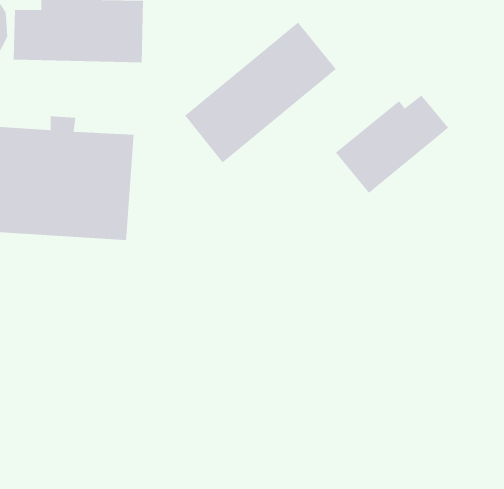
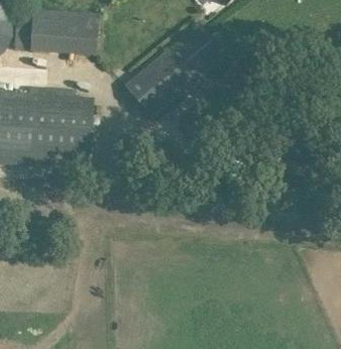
building: [335,95,449,194] -> none

